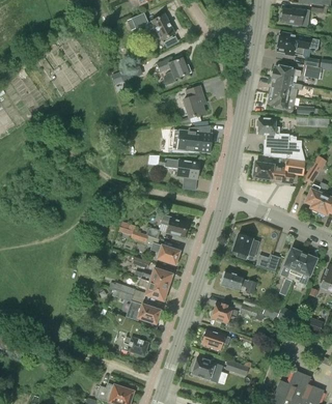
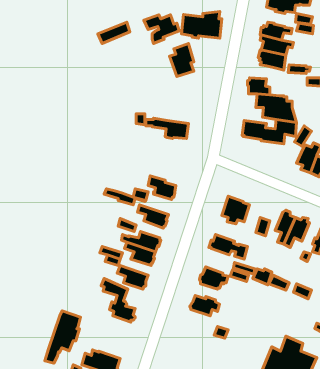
building: [172,125,212,151] -> [181,11,222,38]
building: none -> [45,311,80,363]
building: [191,356,221,381] -> none

